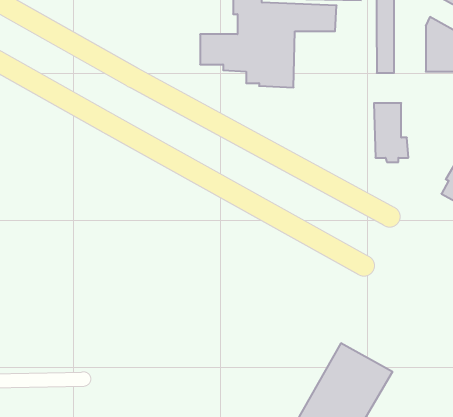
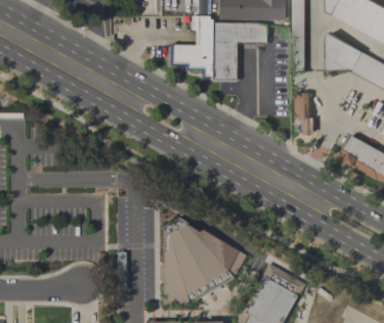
building: none -> [160,218,246,305]

